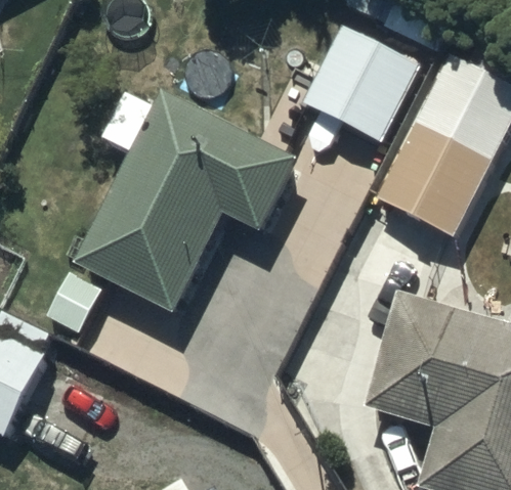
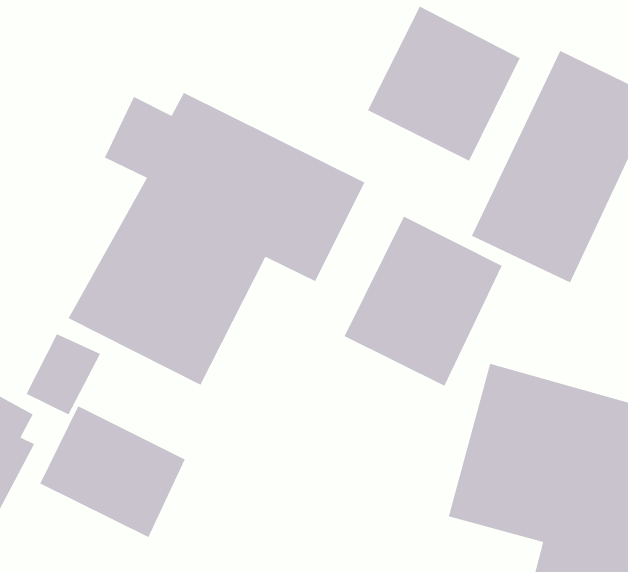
building: none -> [343,215,503,387]
building: none -> [39,405,186,538]

